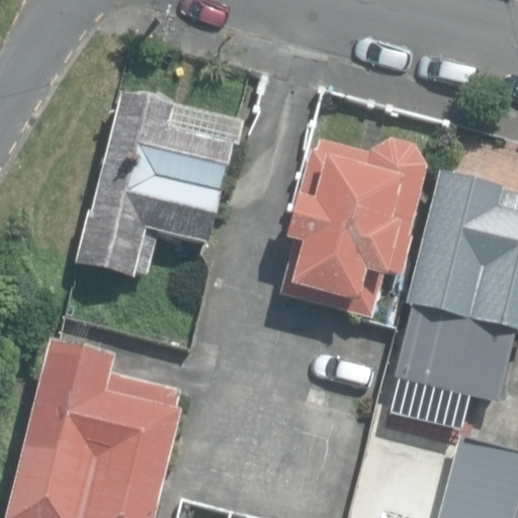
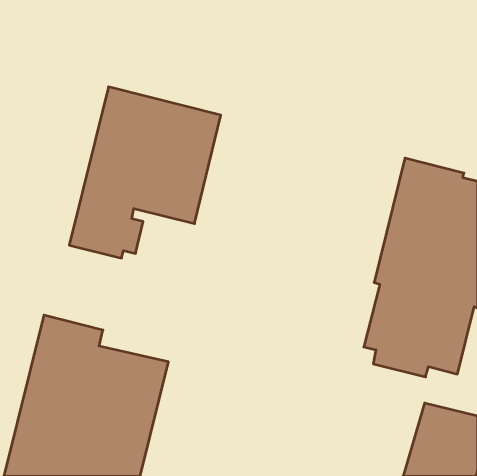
building: [279,140,426,320] -> none

